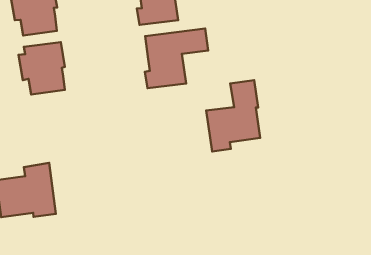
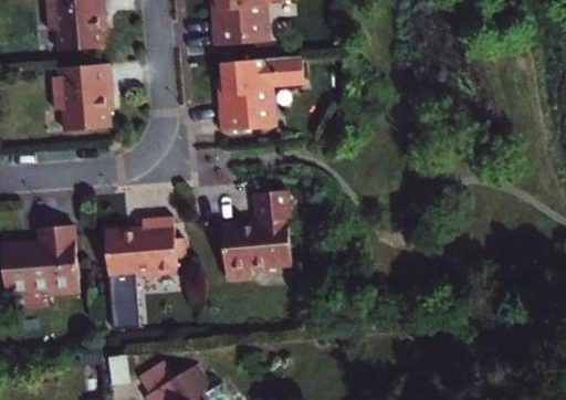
building: [206,80,260,152] -> [221,191,291,283]
building: none -> [106,217,188,331]

